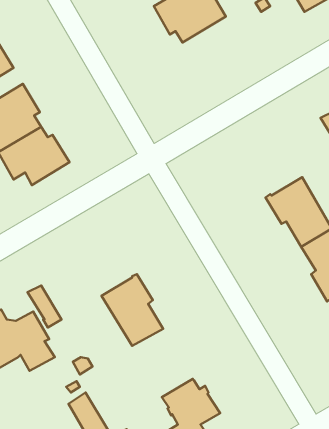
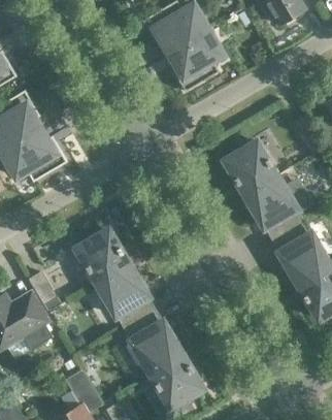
building: none -> [168,29,223,92]
building: none -> [224,141,276,191]
building: none -> [75,229,123,282]
building: none -> [123,312,182,374]

